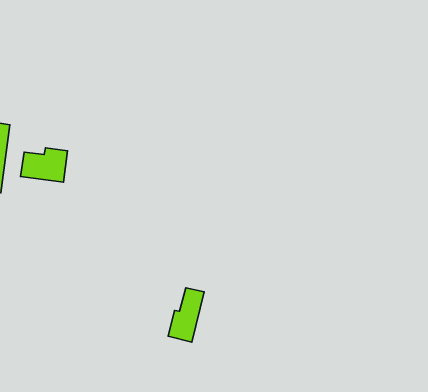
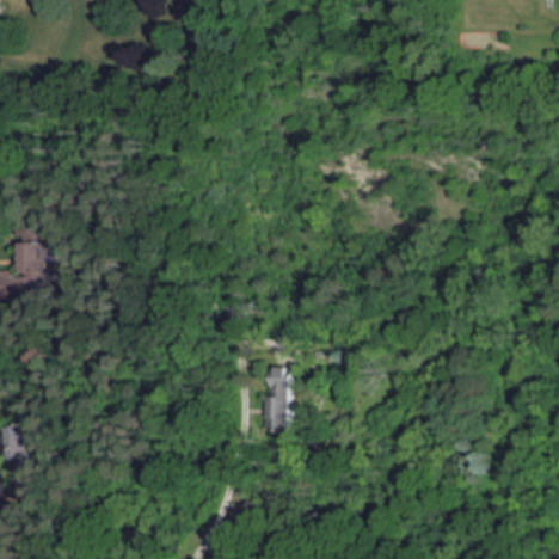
building: [20,148,67,182] -> none

